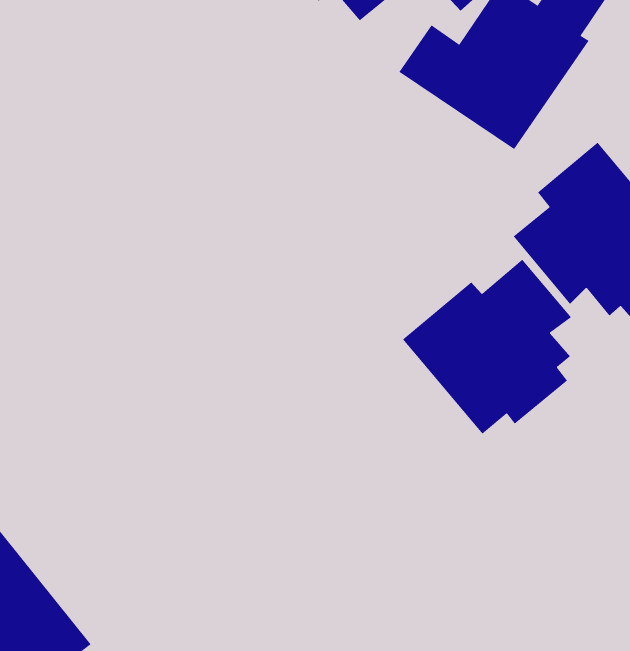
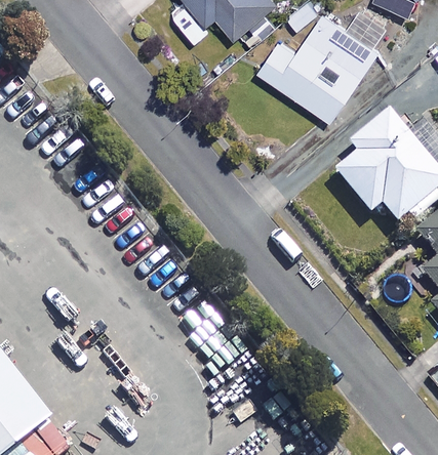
building: [402,259,572,435] -> none

